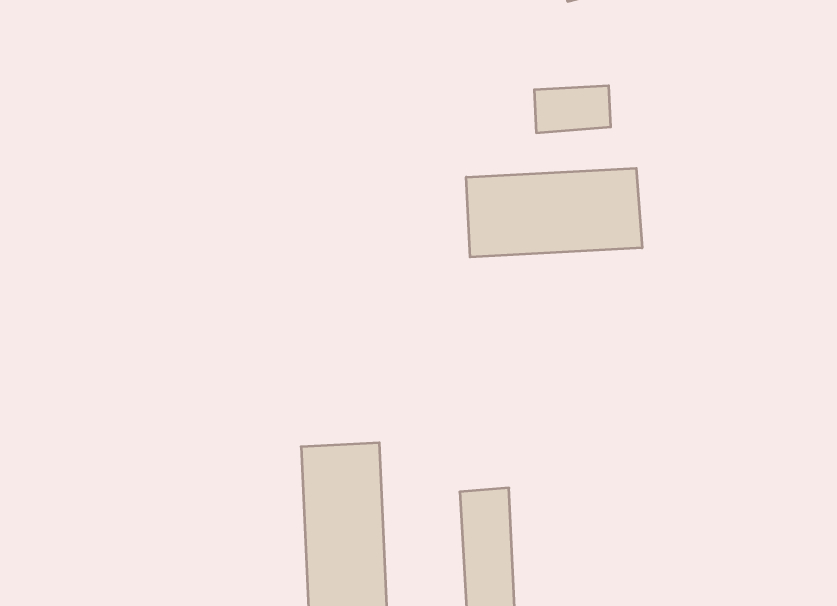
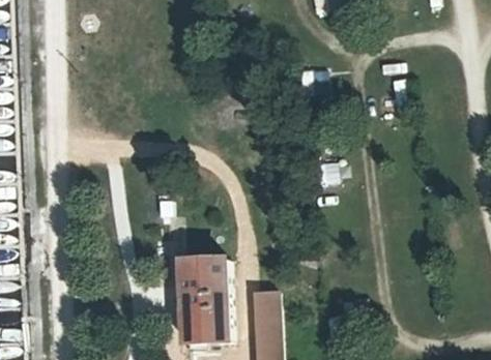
building: [466,168,642,257] -> none

